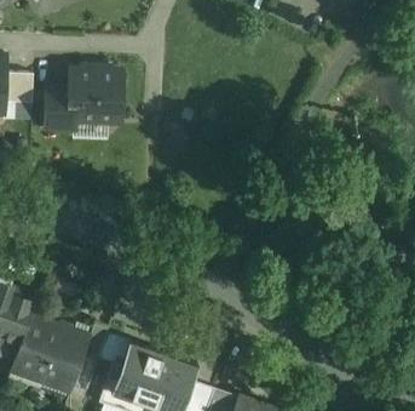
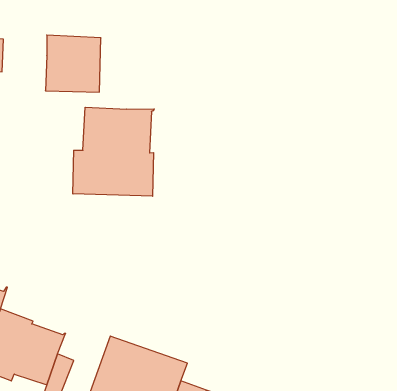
building: [46,89,71,130] -> none
building: none -> [73,107,154,196]

